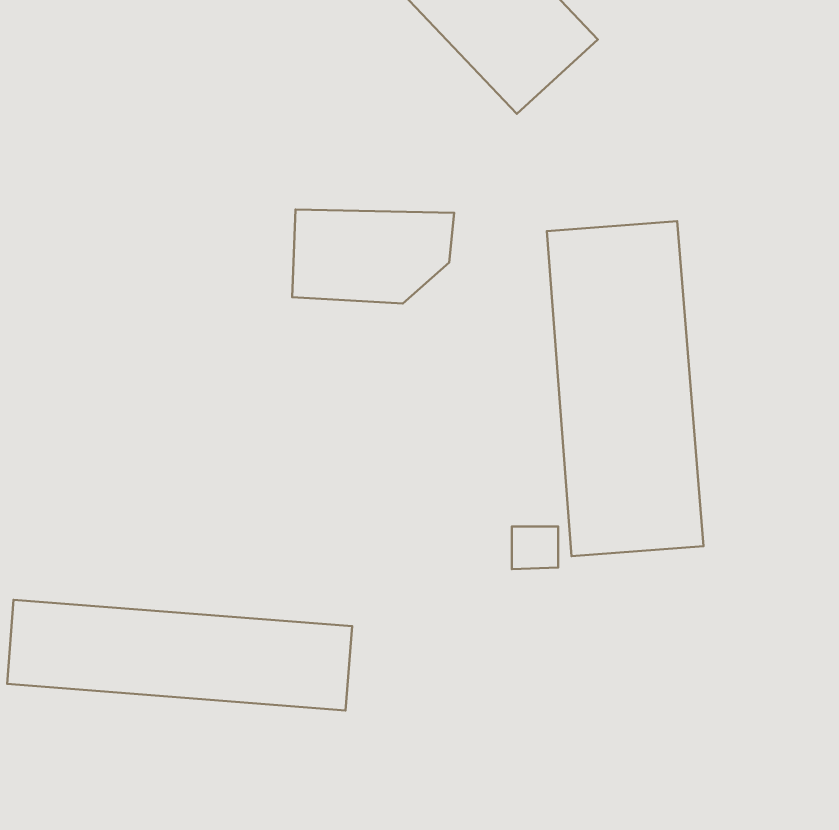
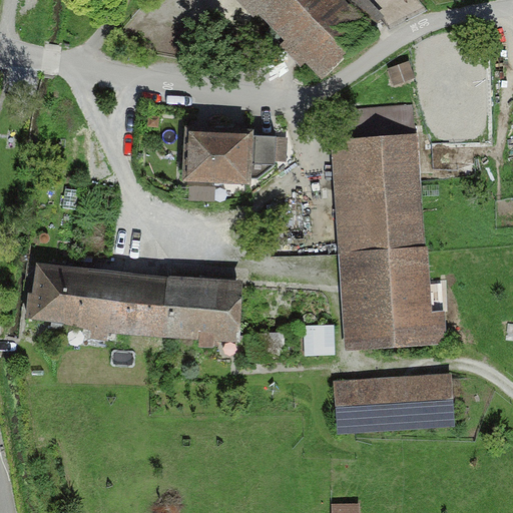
building: [7,600,352,710] -> [26,267,235,334]
building: none -> [345,381,442,436]

